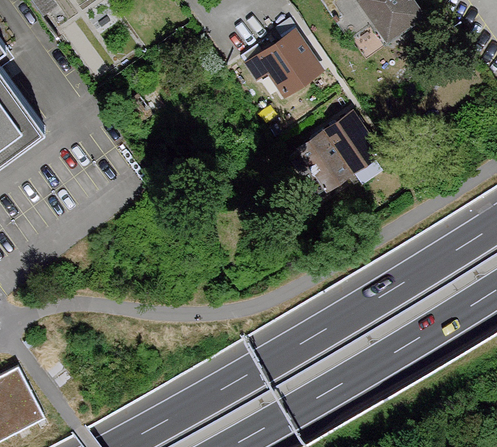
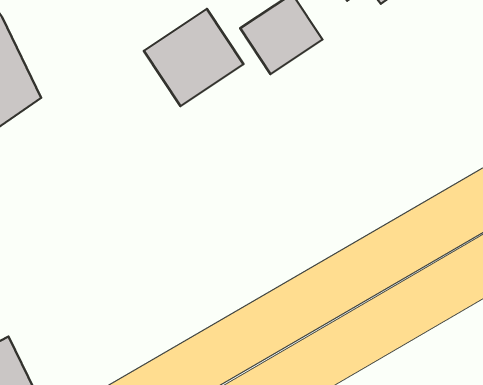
building: none -> [144,9,244,106]
building: [295,109,383,193] -> none

